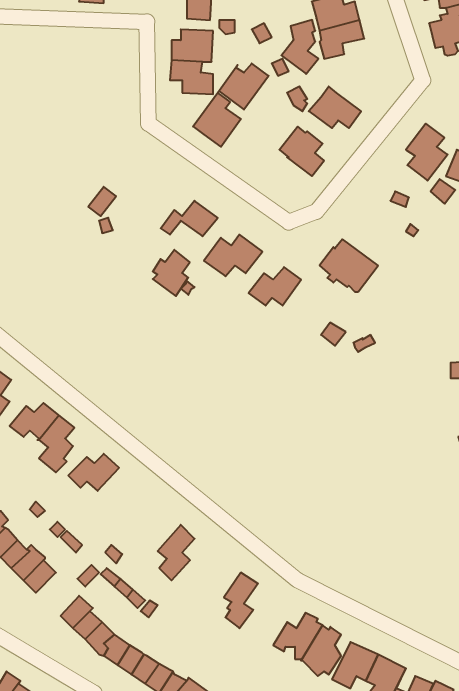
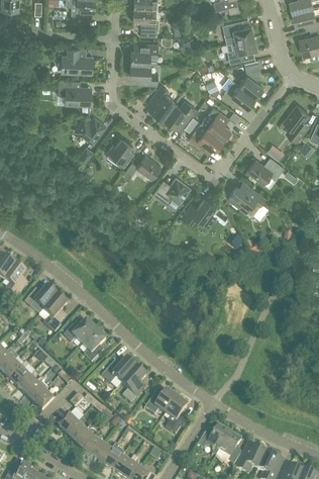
building: [281,20,318,74] -> [238,60,262,95]
building: none -> [61,46,92,72]
building: [218,63,269,110] -> [163,99,196,129]
building: none -> [58,78,91,103]
building: none -> [75,115,105,141]
building: none -> [188,125,222,154]
building: none -> [246,155,284,182]
building: [153,250,190,296] -> [107,135,131,166]
building: none -> [82,328,105,362]
building: none -> [101,358,136,383]
building: none -> [144,389,176,414]

